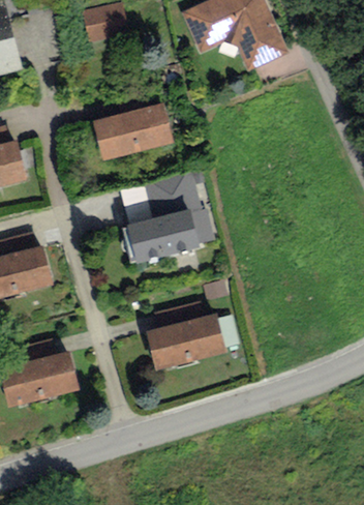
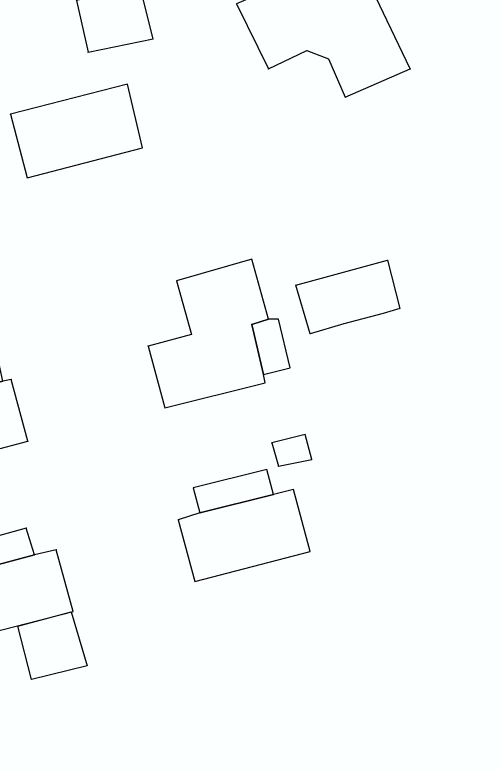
building: [92,102,174,160] -> [10,84,142,178]
building: none -> [296,260,400,334]
building: none -> [18,612,87,679]

